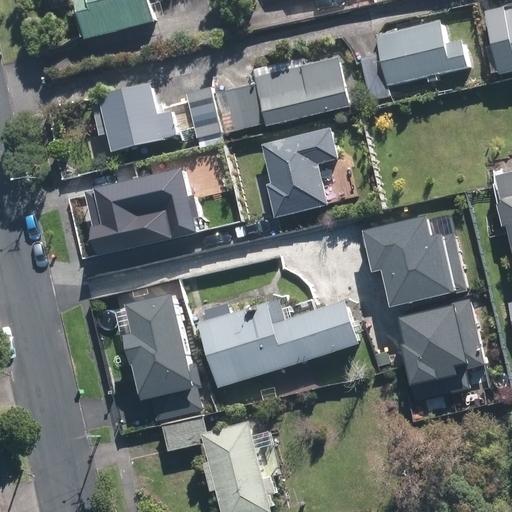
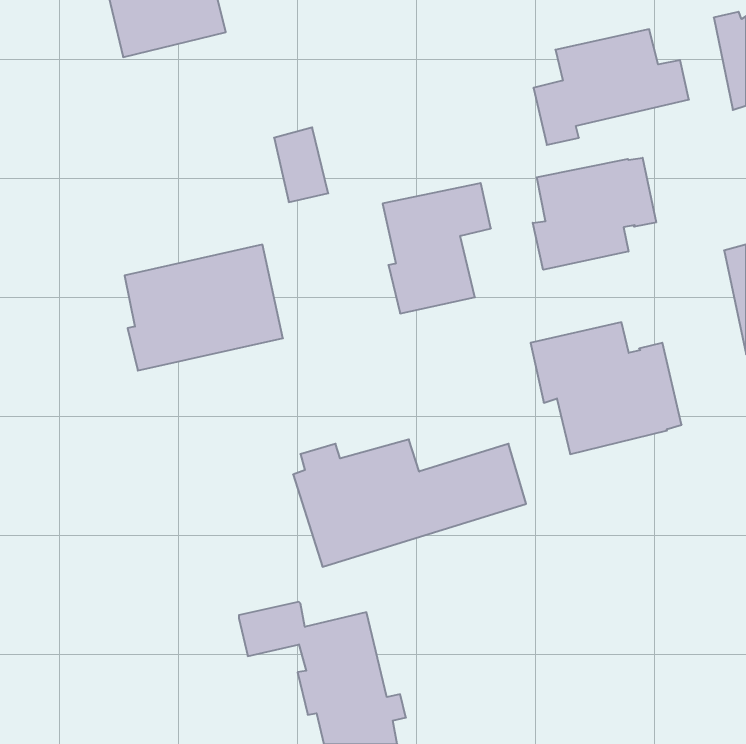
building: [228,58,351,130] -> none
building: [90,82,175,151] -> none
building: none -> [533,158,656,270]
building: [122,297,192,402] -> none
building: [397,299,484,385] -> none

